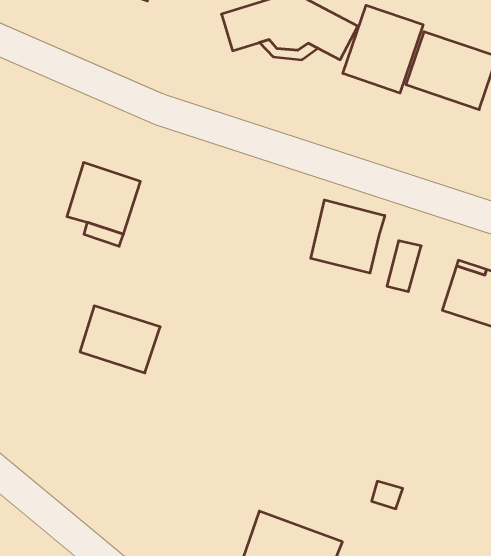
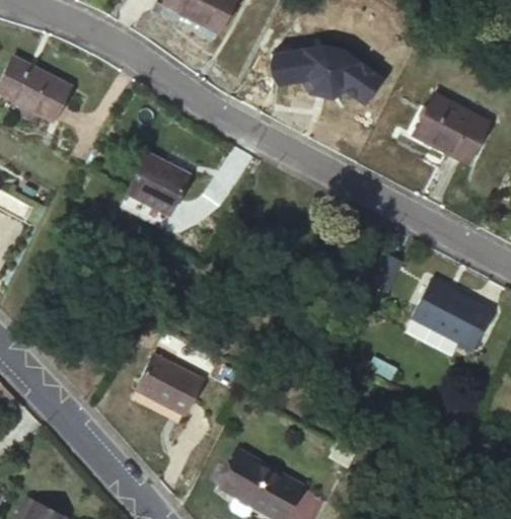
building: [343,5,423,93] -> none
building: [311,200,385,273] -> none
building: [80,306,160,373] -> [136,355,203,415]

